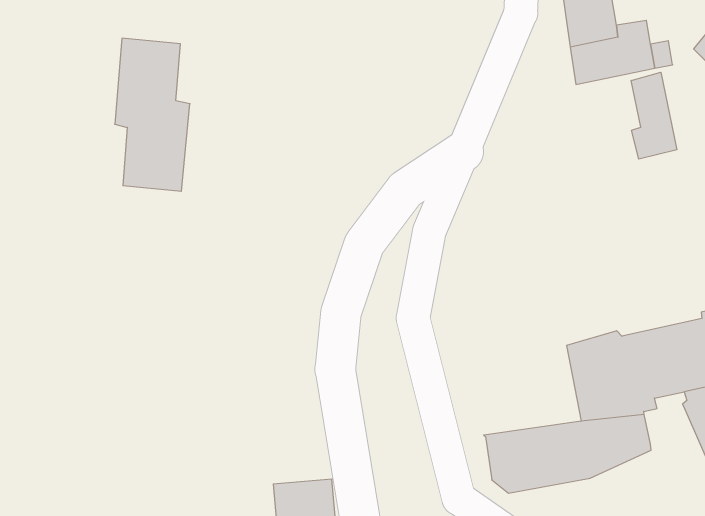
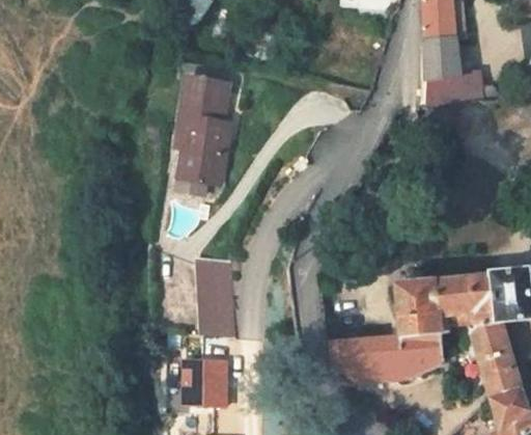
building: [115,38,190,191] -> [179,76,232,185]
building: [631,72,677,159] -> none
building: none -> [187,250,224,326]

